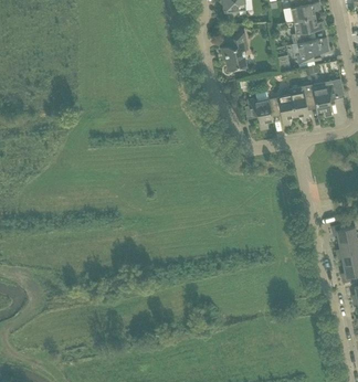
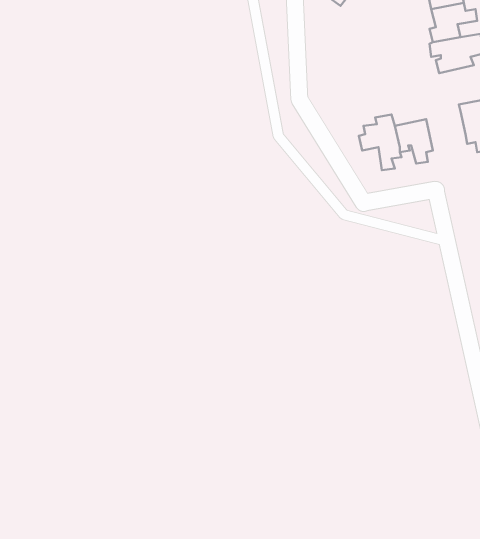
building: [222,33,248,72] -> none
building: [291,86,317,123] -> none

